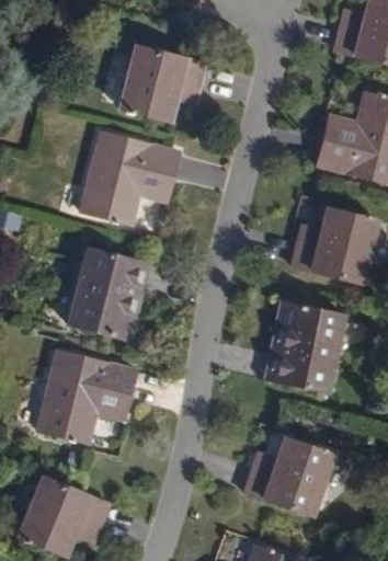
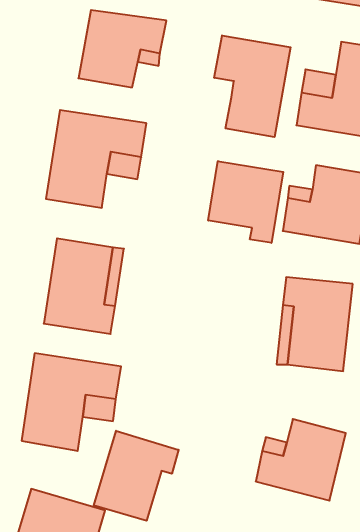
building: none -> [214,35,291,137]
building: none -> [208,161,283,243]
building: none -> [94,431,179,521]

